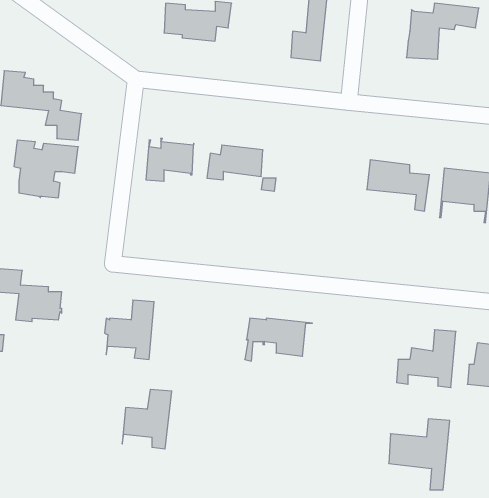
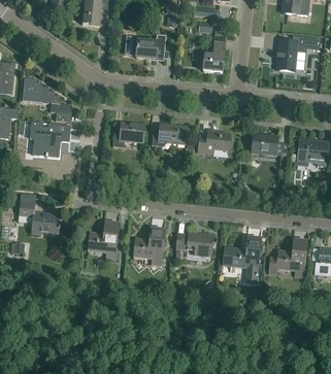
building: none -> [197,129,230,155]
building: [122,389,172,449] -> [133,227,164,264]
building: [389,419,450,490] -> [222,237,260,281]

